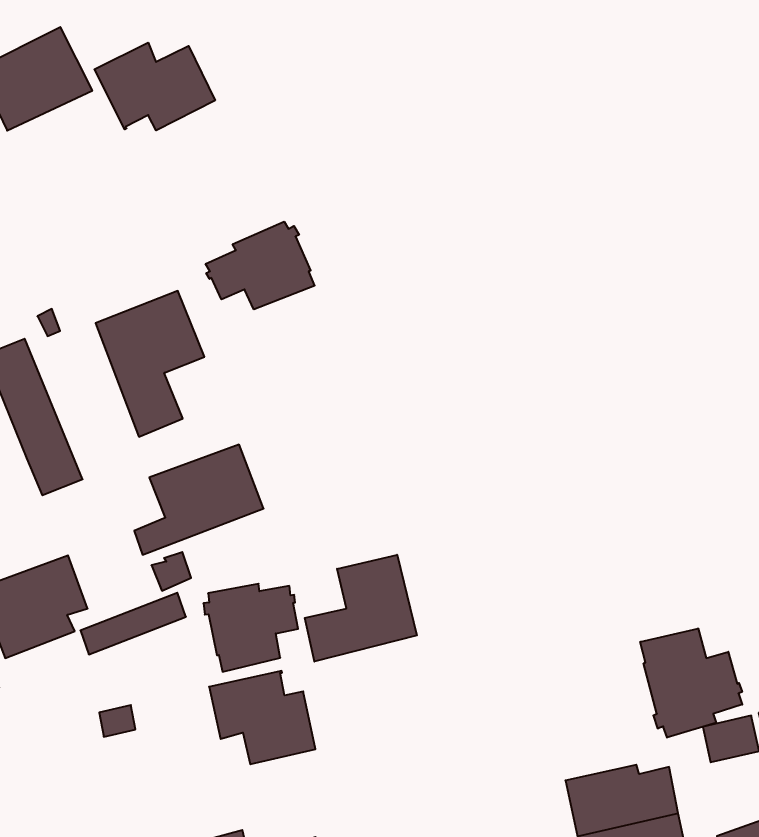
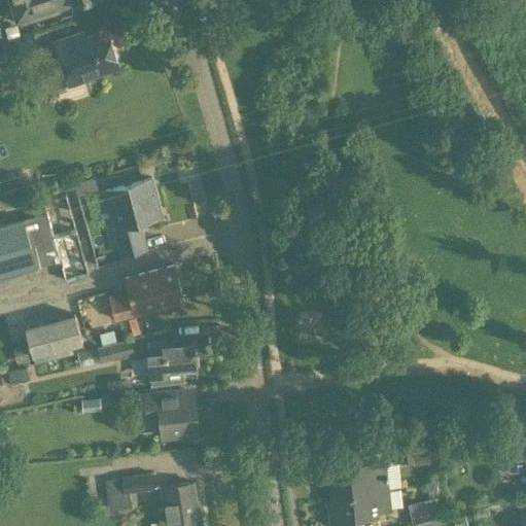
building: [94,43,215,130] -> none
building: [206,222,315,309] -> none
building: [305,555,417,662] -> none
building: [640,628,742,738] -> none

